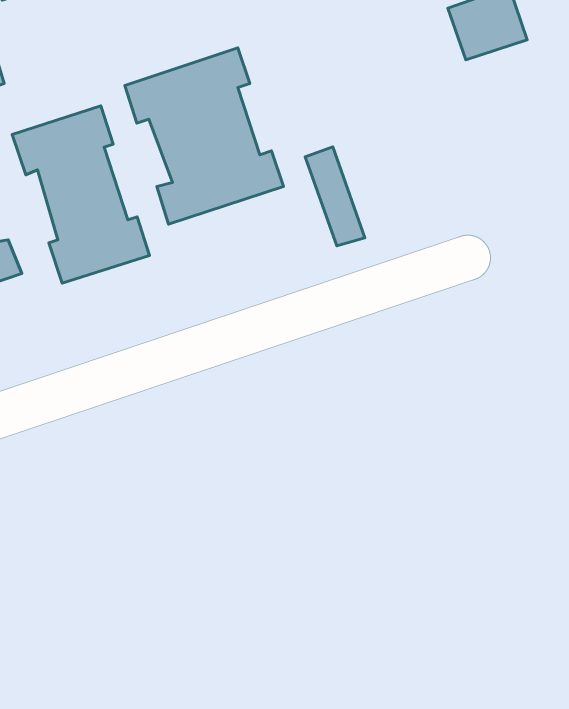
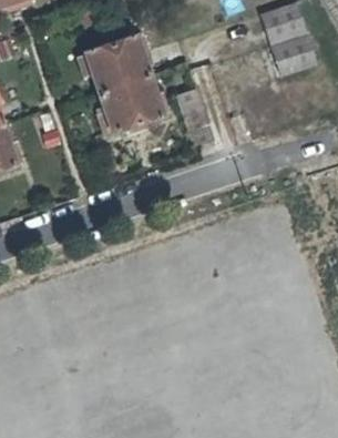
building: none -> [273,35,315,73]
building: [12,106,150,283] -> none

